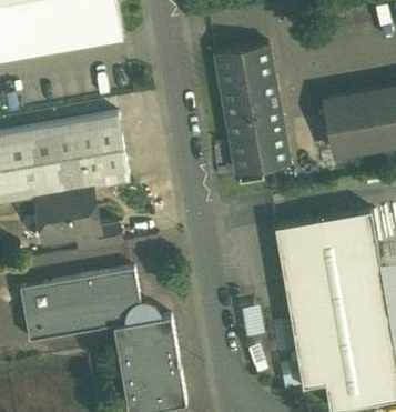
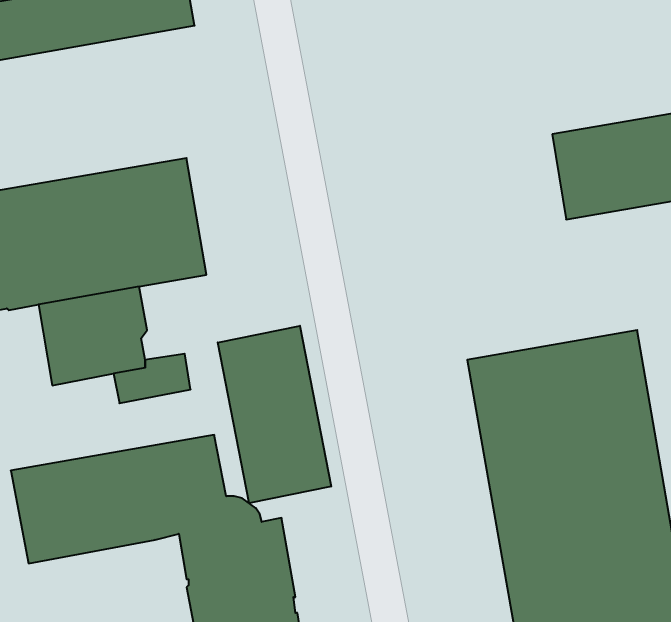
building: [214,46,288,174] -> none
building: none -> [218,326,331,503]

